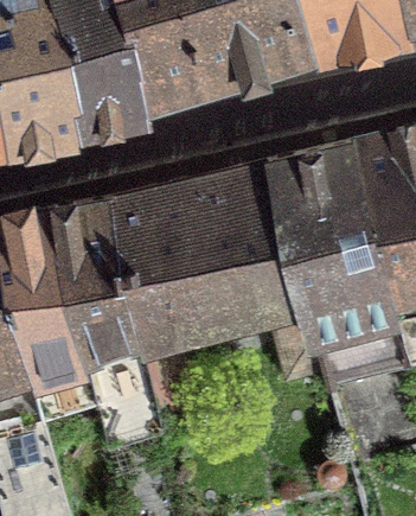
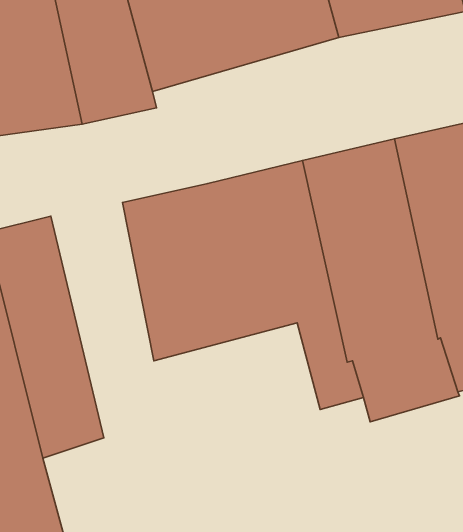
building: [52,200,162,448] -> none

